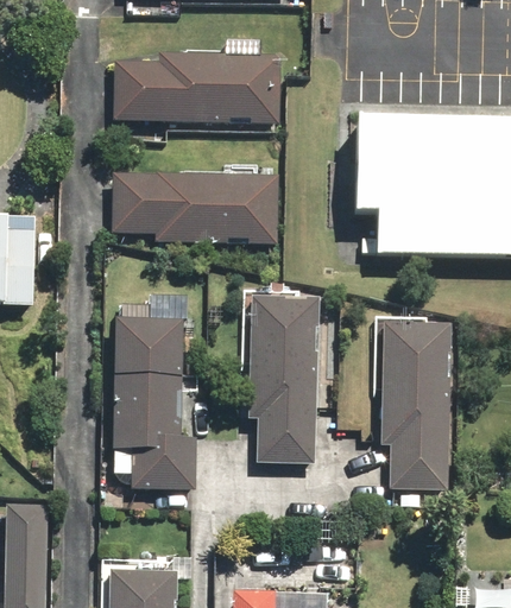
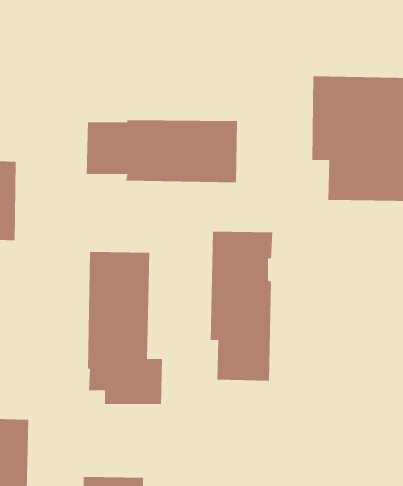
building: [113,51,280,120] -> none
building: [380,322,449,488] -> none

